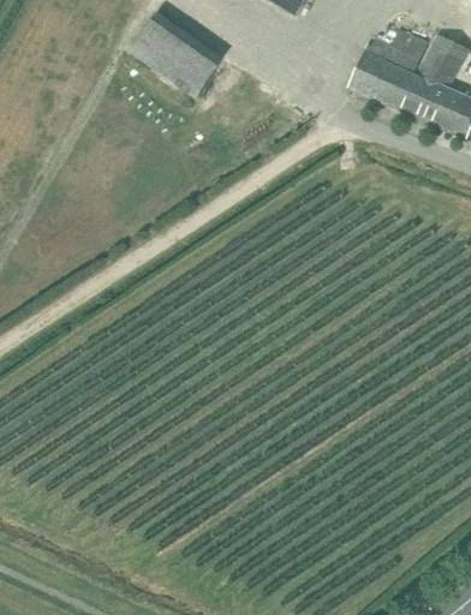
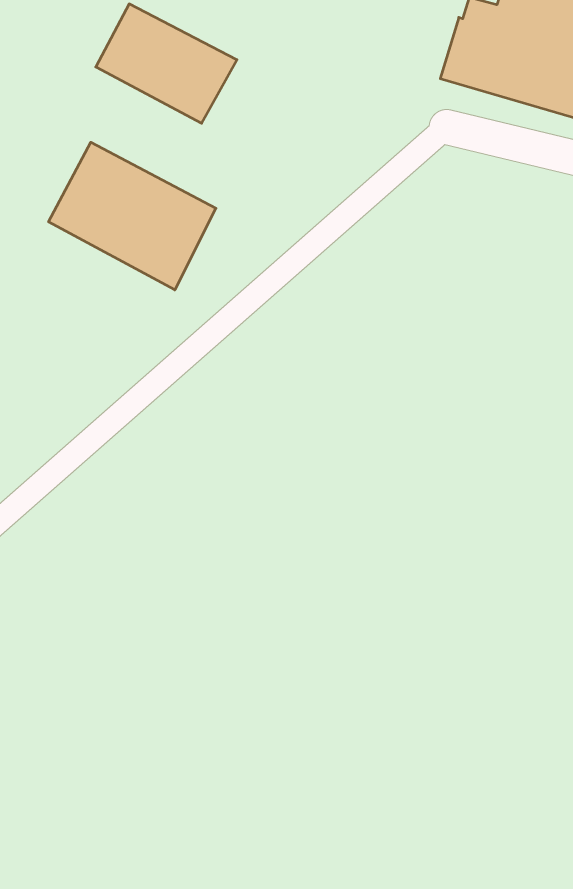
building: none -> [49,142,216,290]

